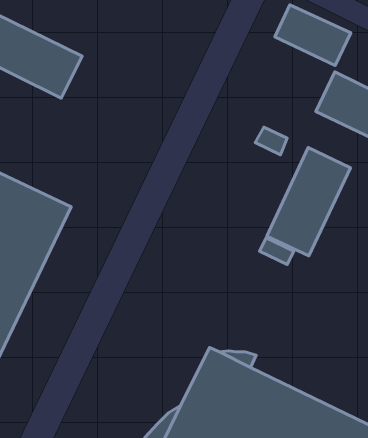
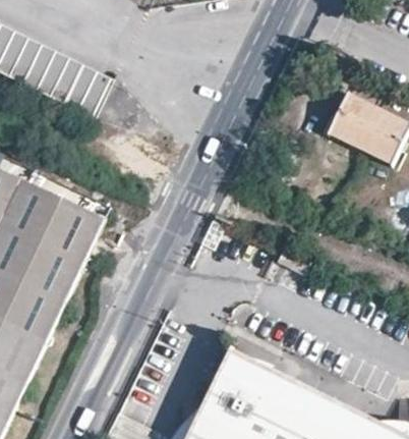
building: [275,5,351,65] -> none
building: [267,147,351,256] -> none

